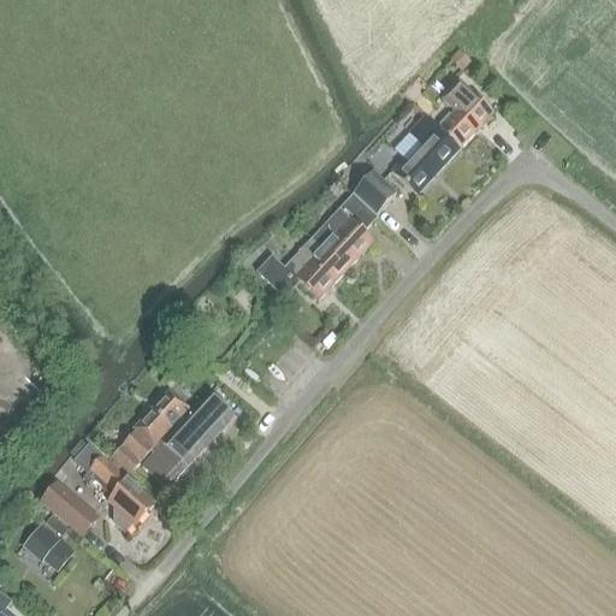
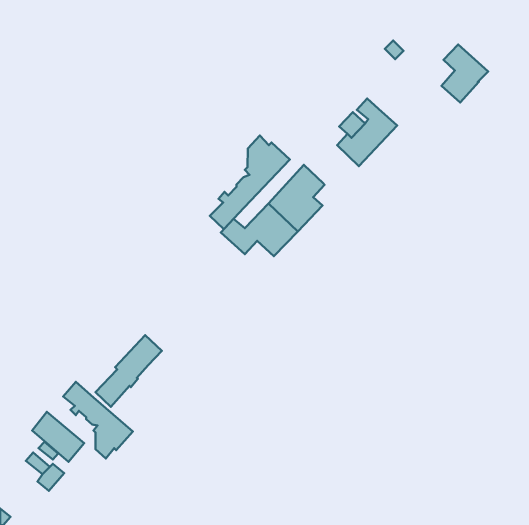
building: [440,78,494,146] -> [442,44,488,103]
building: none -> [210,135,290,229]
building: [353,168,397,213] -> none
building: [143,391,235,485] -> none

